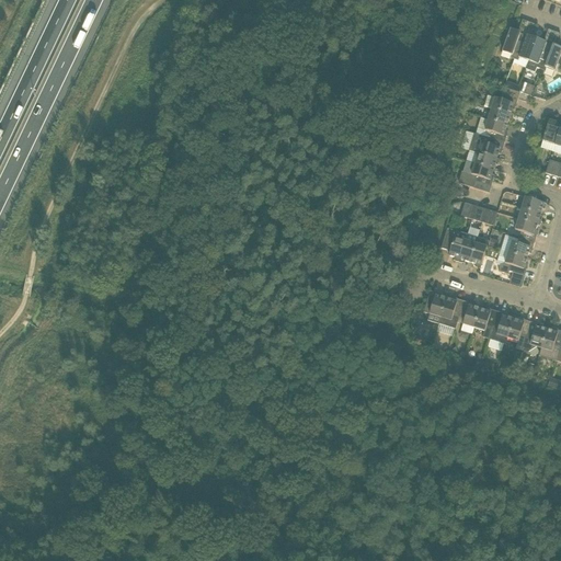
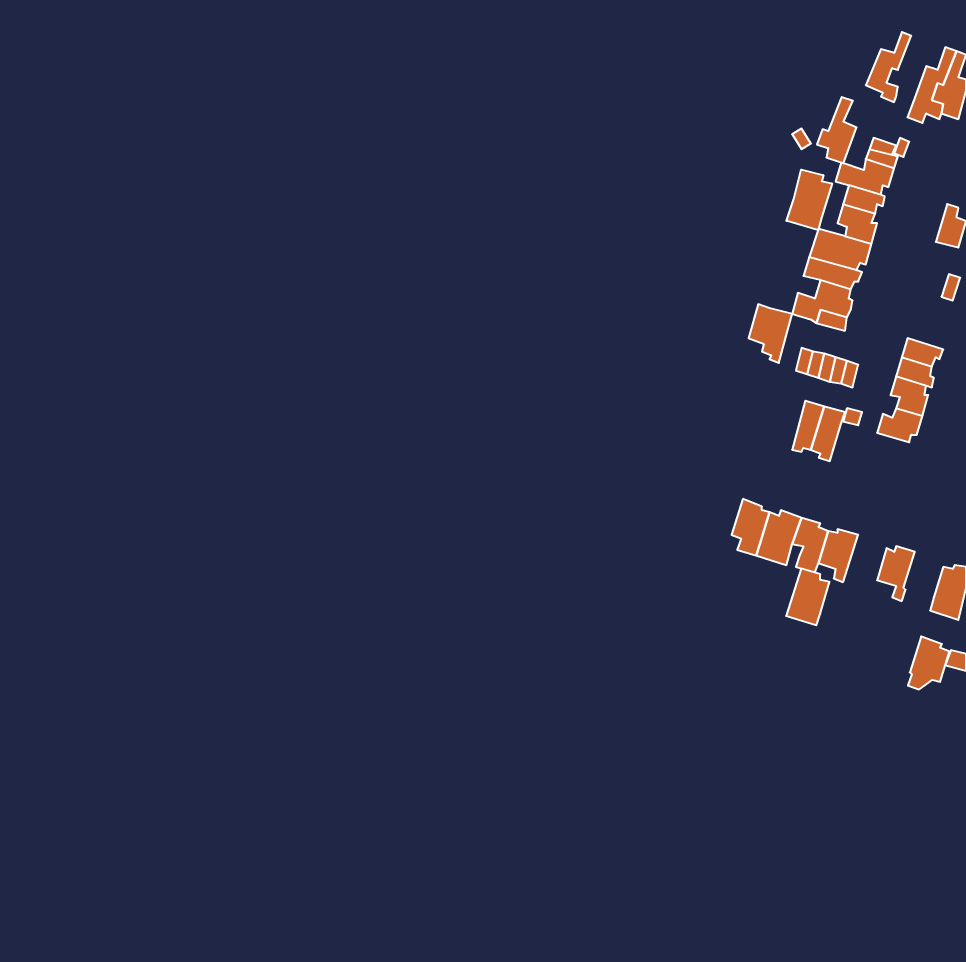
building: [514,21,537,59] -> [817,97,857,163]
building: none -> [786,170,832,230]
building: [442,227,467,261] -> [749,304,792,363]
building: [499,251,528,275] -> none
building: [489,310,514,343] -> [786,569,830,625]
building: [523,320,547,351] -> [908,636,949,689]

